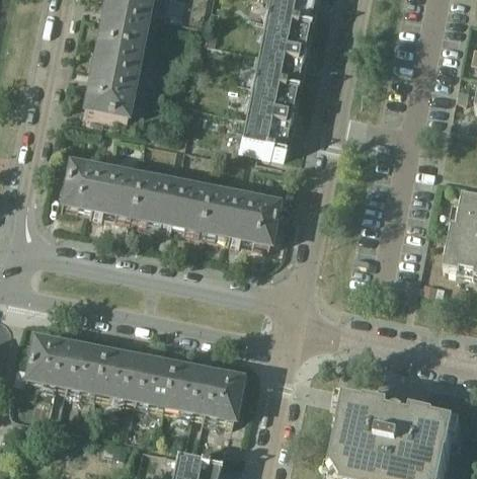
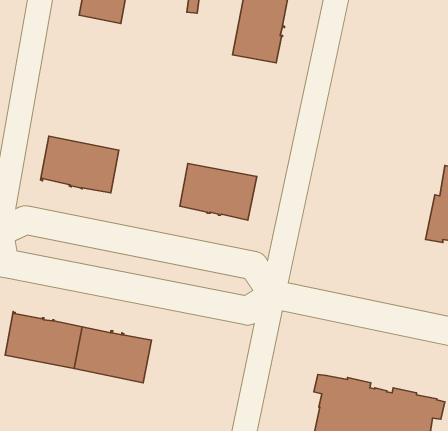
building: [86,37,143,115] -> none
building: [242,77,298,150] -> none
building: [133,172,210,228] -> none
building: [165,362,243,417] -> none

